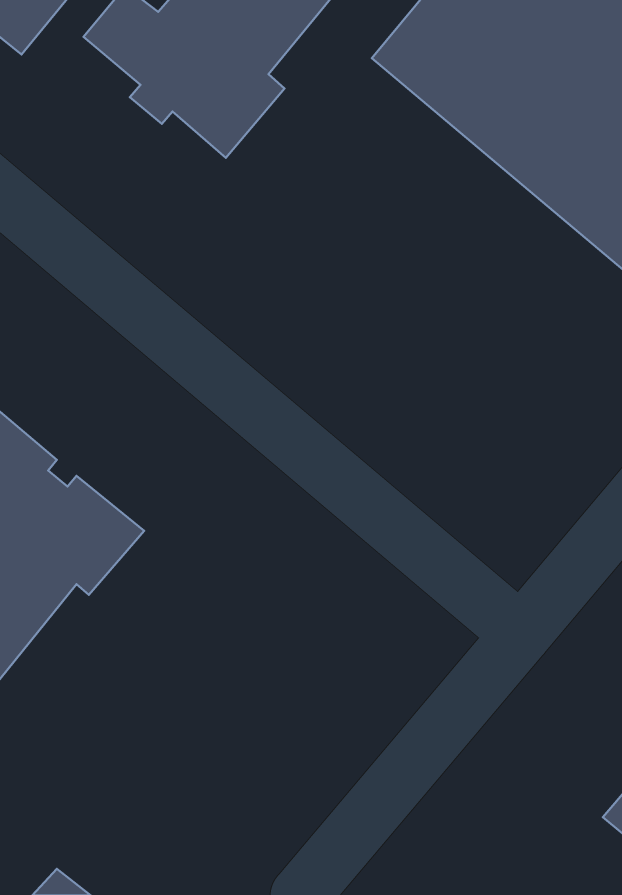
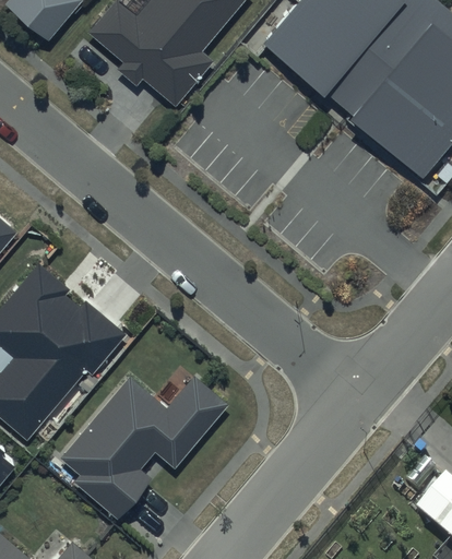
building: none -> [60,376,229,518]

